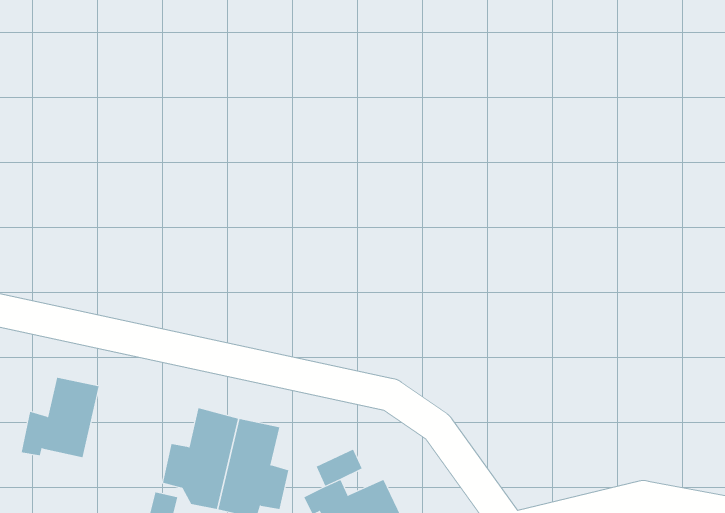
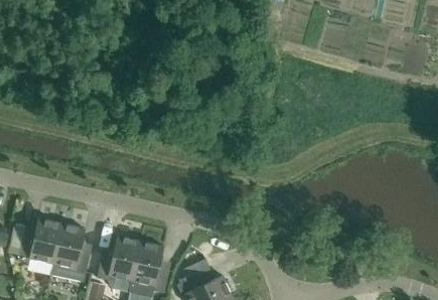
building: none -> [50,223,90,283]

